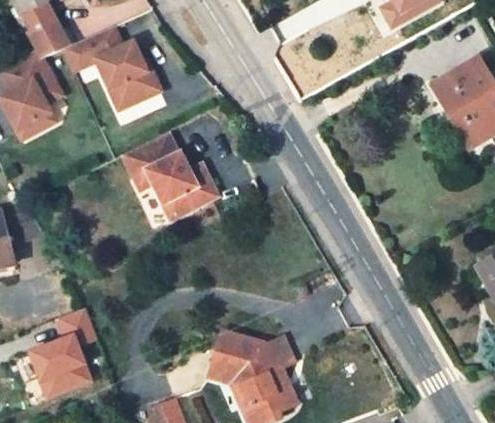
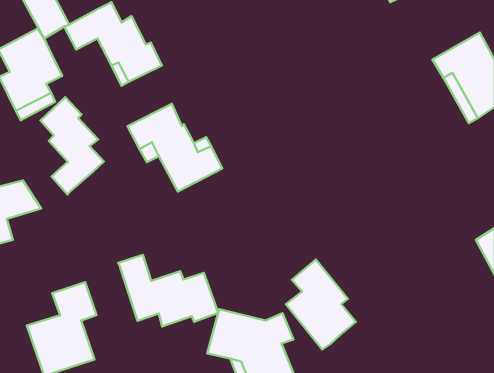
building: none -> [40,97,104,194]
building: none -> [118,255,218,326]
building: none -> [286,260,356,349]

